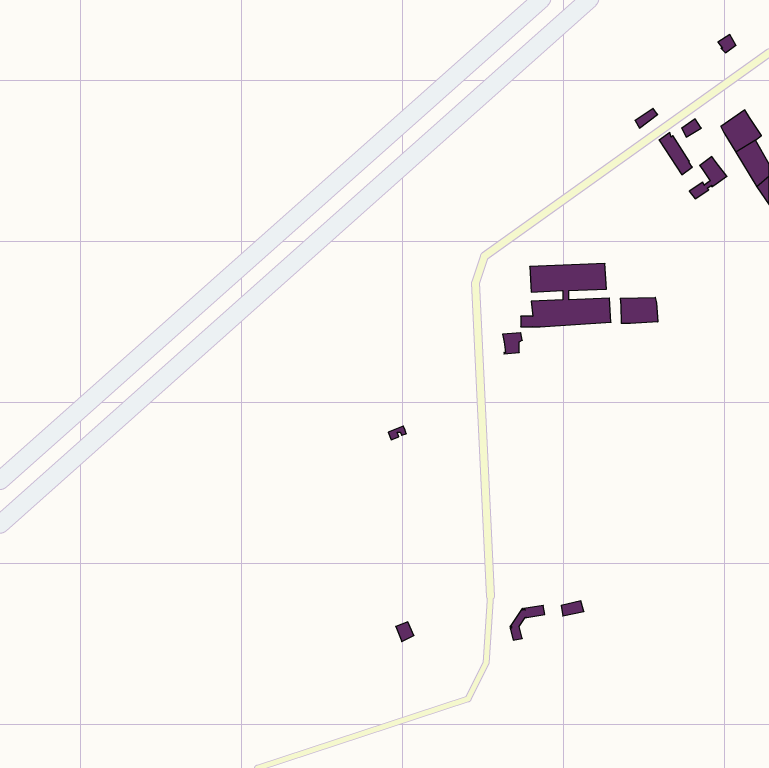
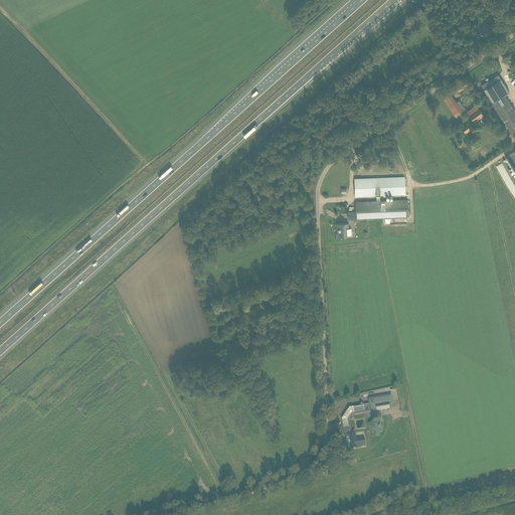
building: [620,297,658,323] -> none

